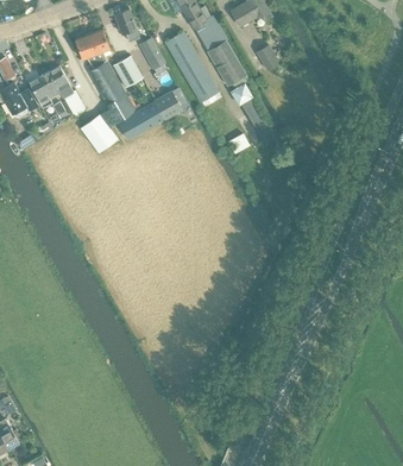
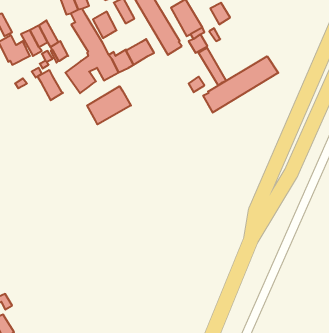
building: none -> [203,56,278,113]
building: none -> [37,70,63,100]
building: none -> [87,86,131,124]

